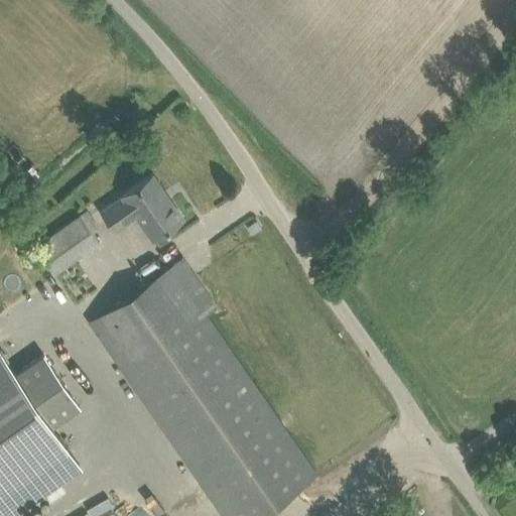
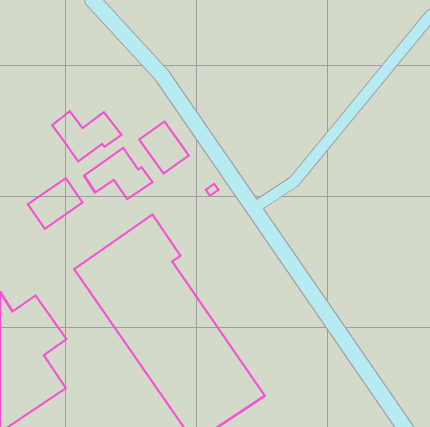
building: none -> [52,111,121,161]
building: none -> [139,122,189,174]

